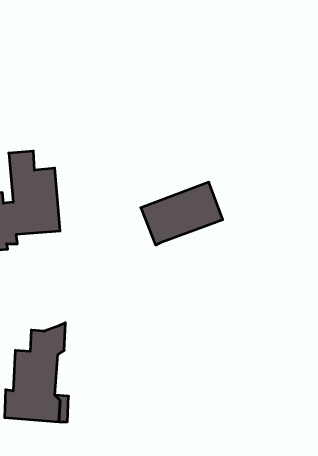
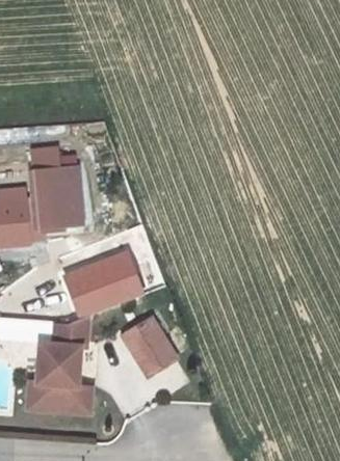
building: [141,182,223,245] -> [68,256,148,318]
building: none -> [124,318,177,375]

